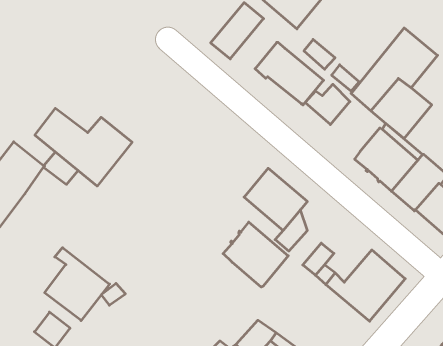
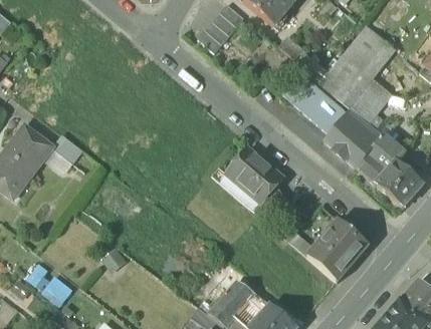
building: [255,42,324,105] -> none
building: none -> [302,89,346,132]
building: [35,108,132,186] -> none
building: [223,222,288,287] -> none
building: [45,248,110,321] -> none

